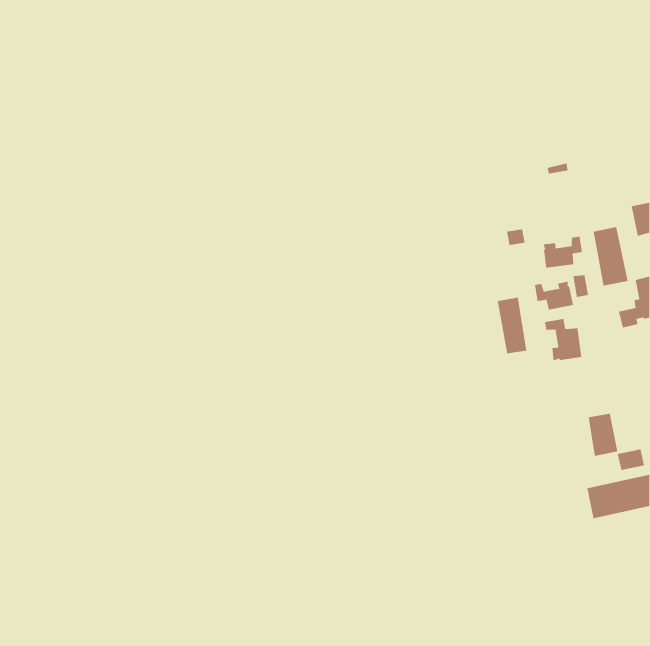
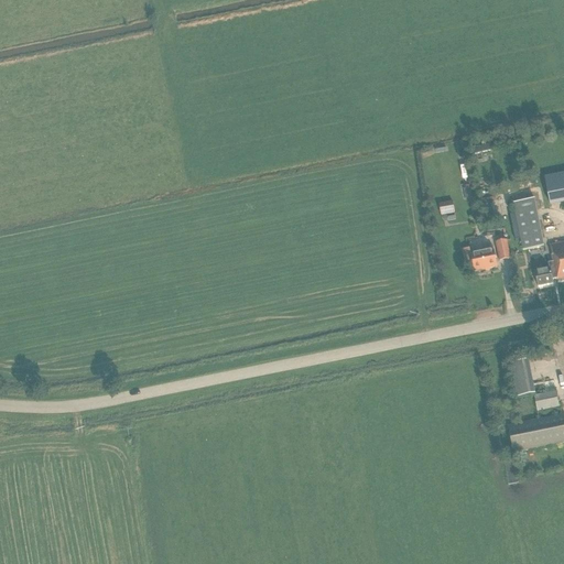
building: [543,236,583,269] -> none
building: [497,297,527,354] -> none
building: [544,318,582,361] -> none

